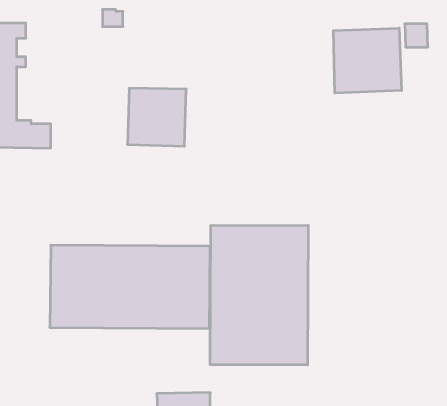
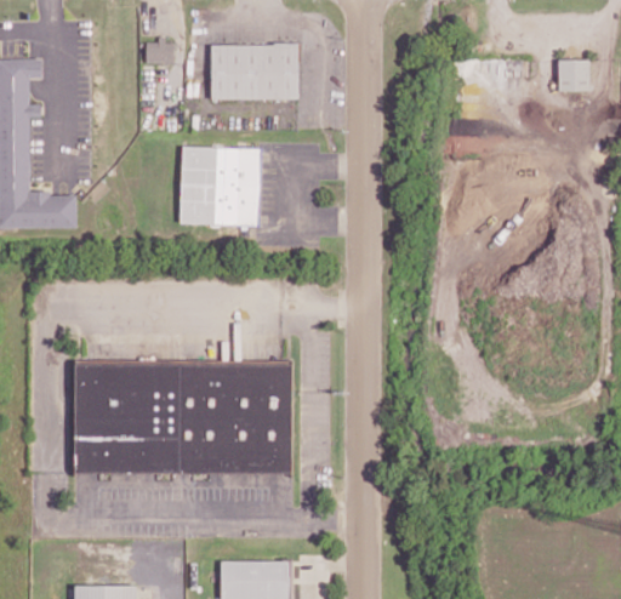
building: none -> [209,44,297,99]
building: [333,28,402,93] -> none
building: [210,225,308,365] -> none

